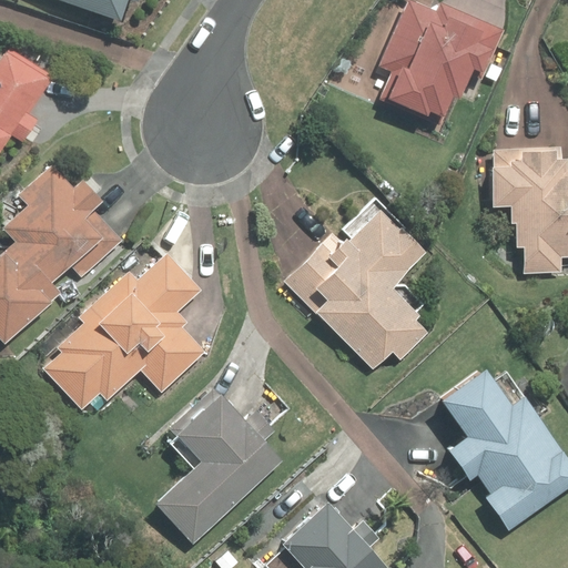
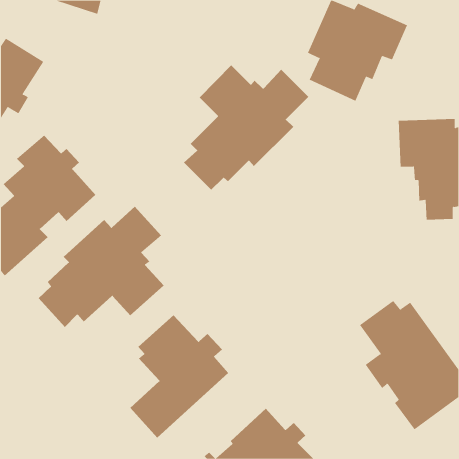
building: none -> [183,64,309,190]
building: [284,197,430,371] -> none

